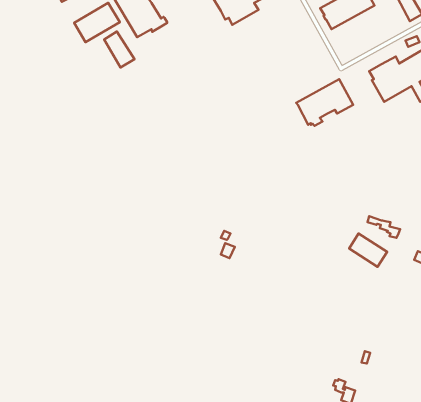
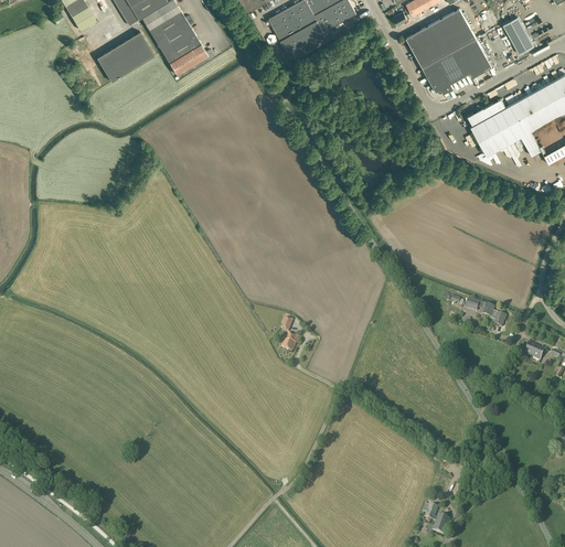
building: [104,32,135,67] -> none
building: [296,79,353,126] -> [420,34,492,93]
building: [349,234,387,267] -> none

